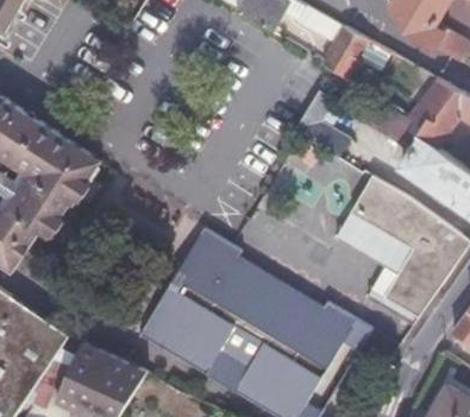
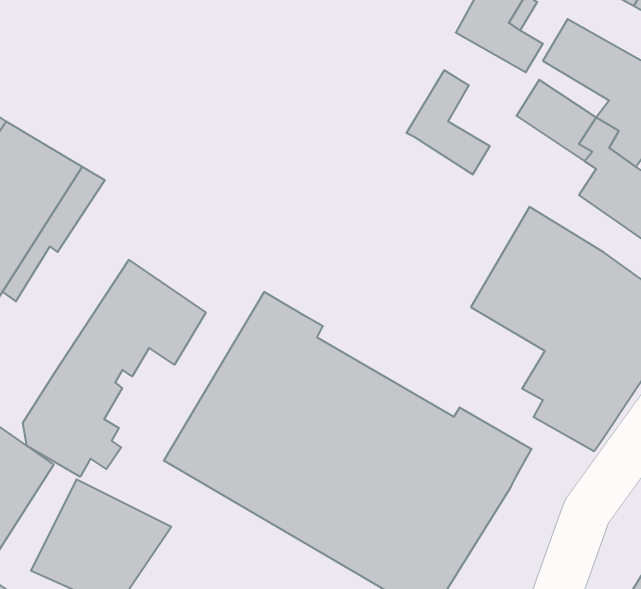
building: none -> [23,260,206,477]

